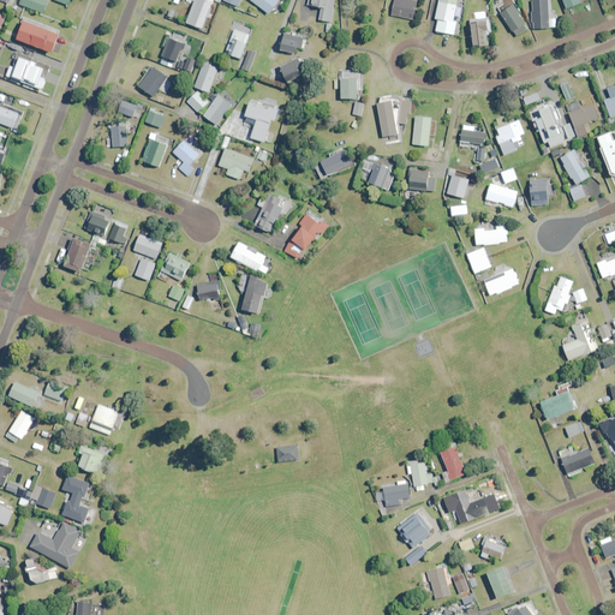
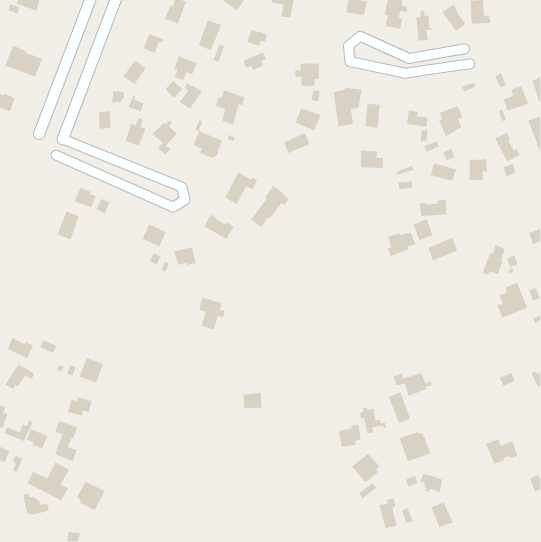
building: [16,20,59,52] -> none
building: [531,105,563,145] -> none
building: [364,162,395,190] -> [294,107,322,131]
building: [133,234,161,280] -> none
building: none -> [387,231,417,257]
building: [239,274,270,312] -> [198,296,226,330]
building: [539,387,575,419] -> none
building: none -> [392,372,433,397]
building: [557,446,595,476] -> [485,438,518,465]
building: none -> [76,481,106,511]

